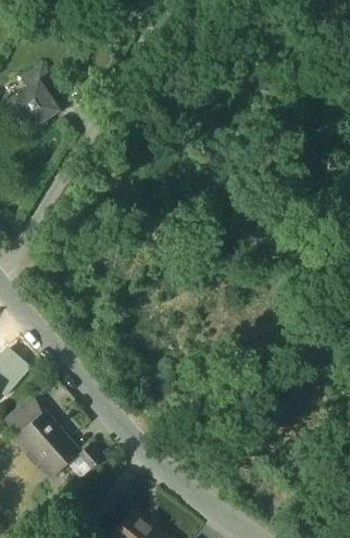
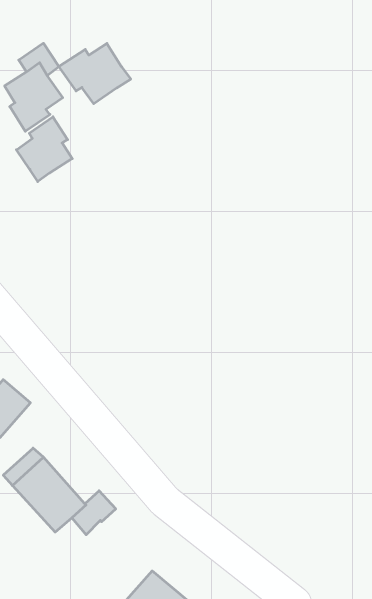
building: none -> [59,43,131,104]
building: none -> [16,117,72,182]

